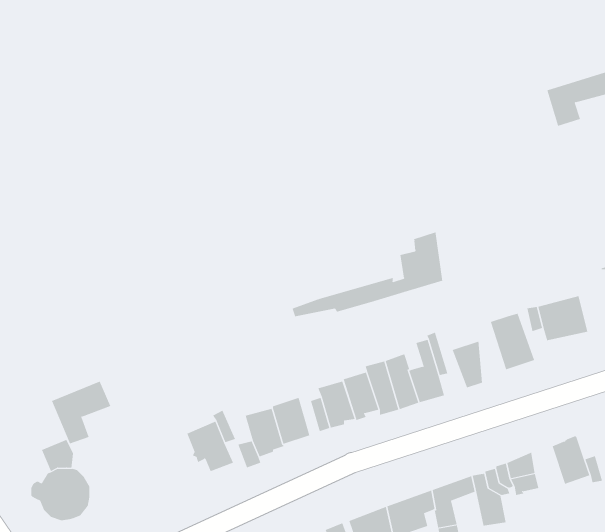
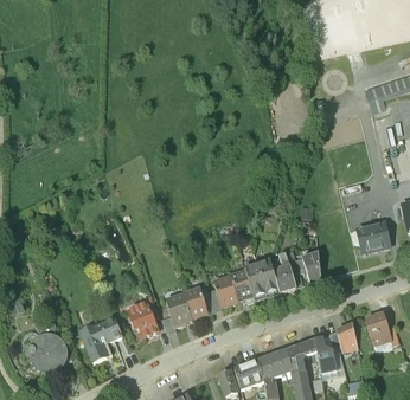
building: [292,231,443,317] -> none
building: [490,313,535,370] -> none
building: [51,381,111,444] -> [81,317,120,359]

